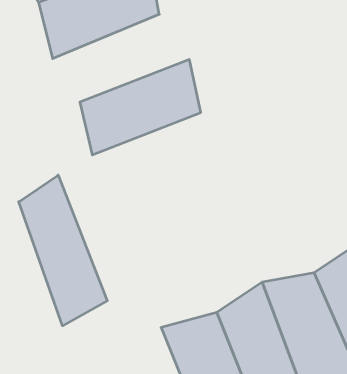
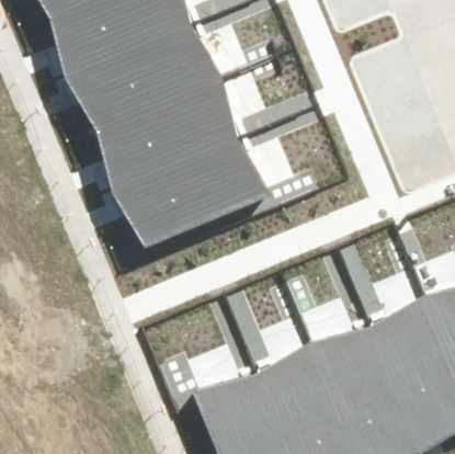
building: none -> [66,30,225,132]
building: none -> [112,144,273,245]
building: [19,175,107,326] -> none

